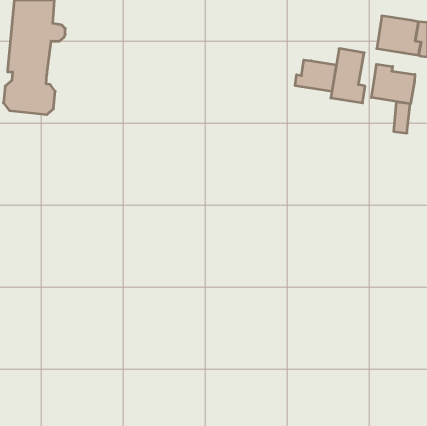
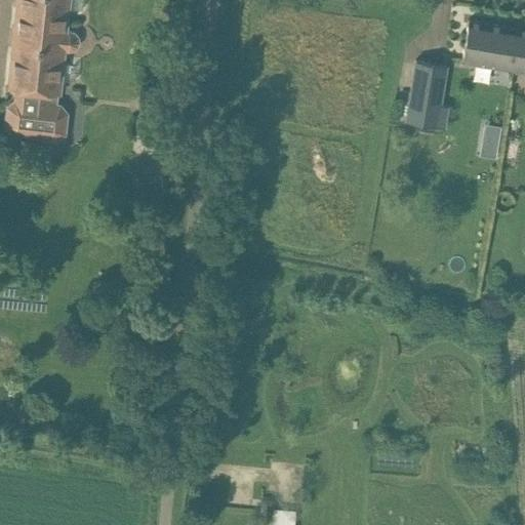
building: [295,60,336,91] -> none
building: [371,64,415,104] -> none

